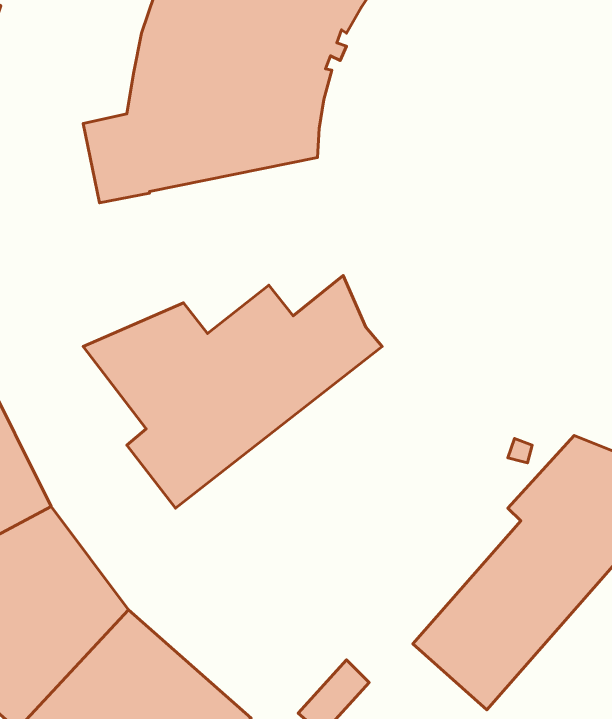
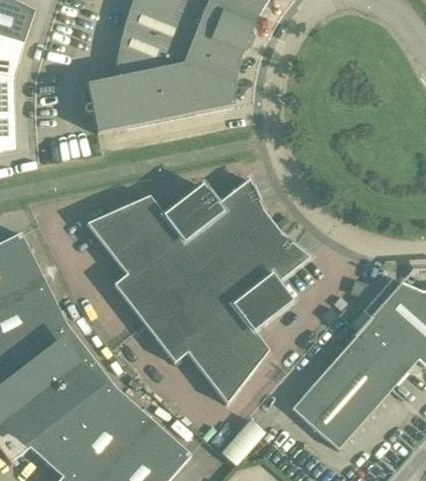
building: none -> [144,223,310,403]

